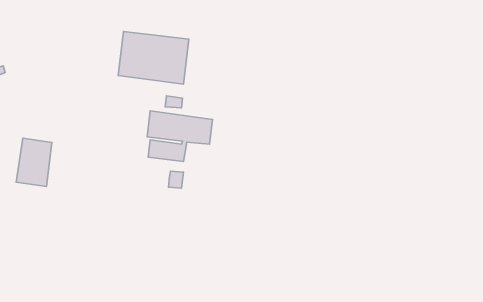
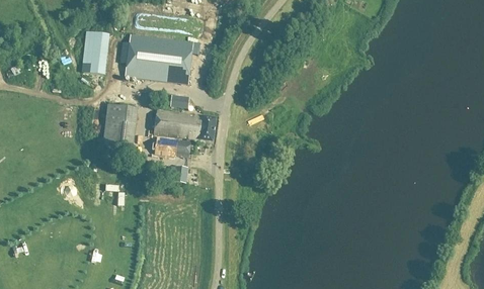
building: none -> [82,31,107,73]
building: [16,138,52,186] -> [102,102,136,148]

